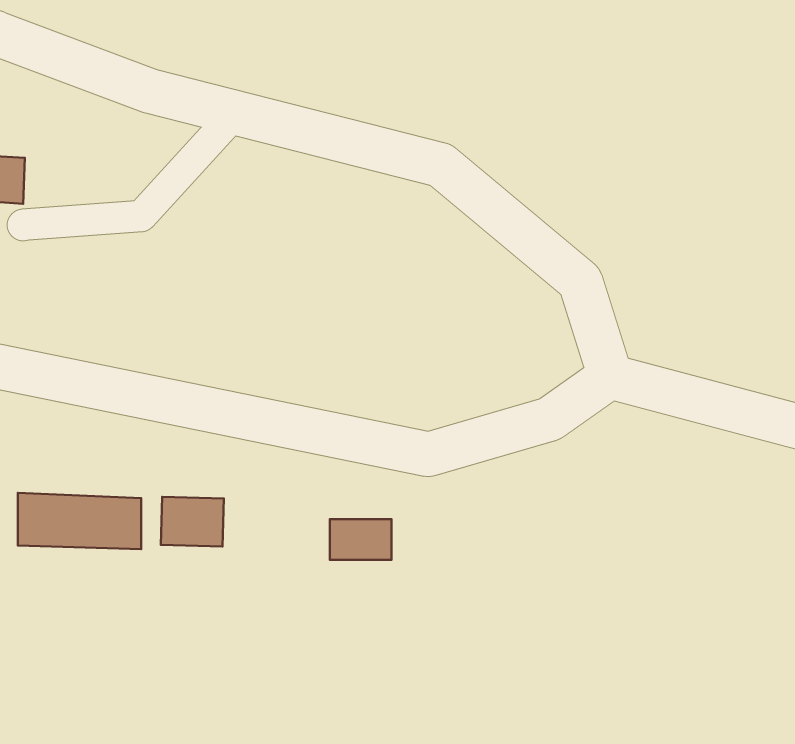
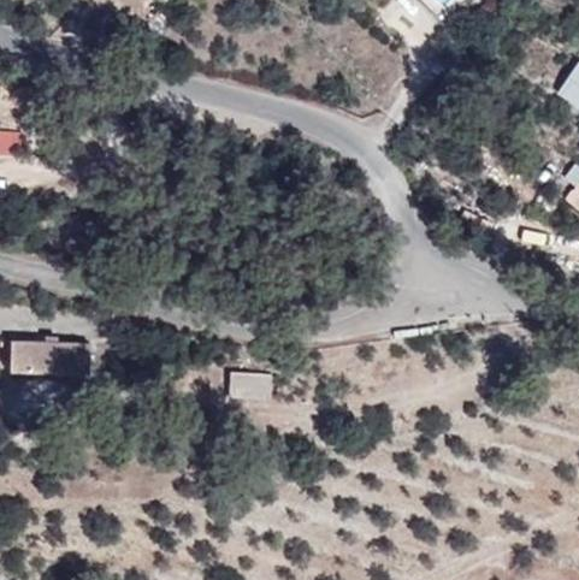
building: [161,497,224,547] -> none

